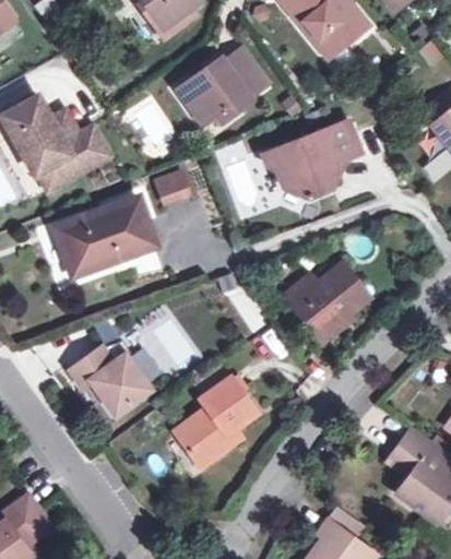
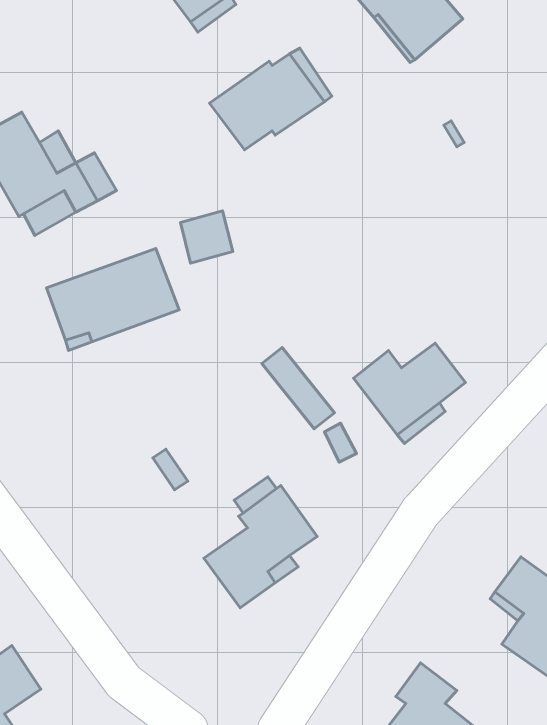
building: [261,119,360,195] -> none
building: [68,346,147,414] -> none

